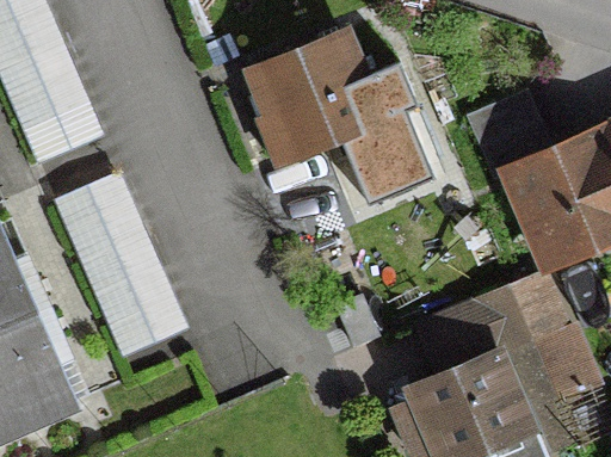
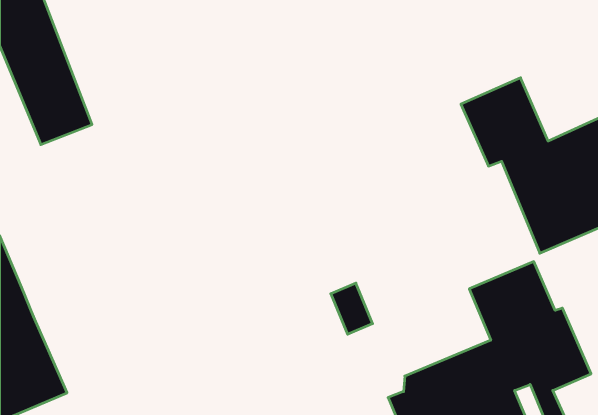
building: [249,32,432,206] -> none
building: [68,181,183,351] -> none

